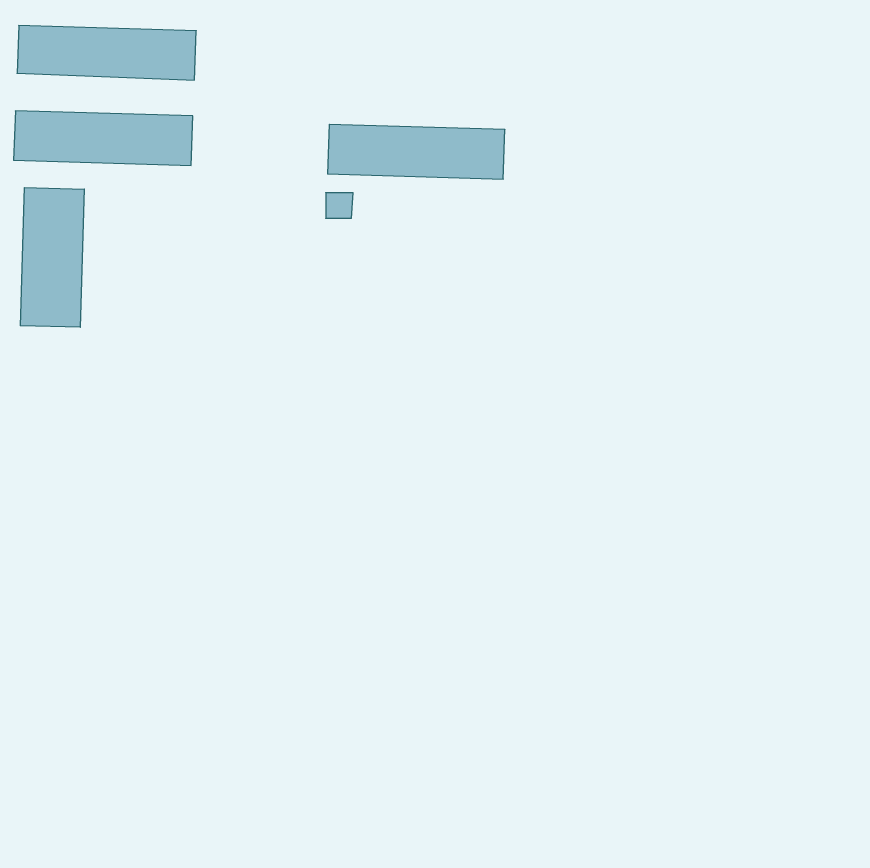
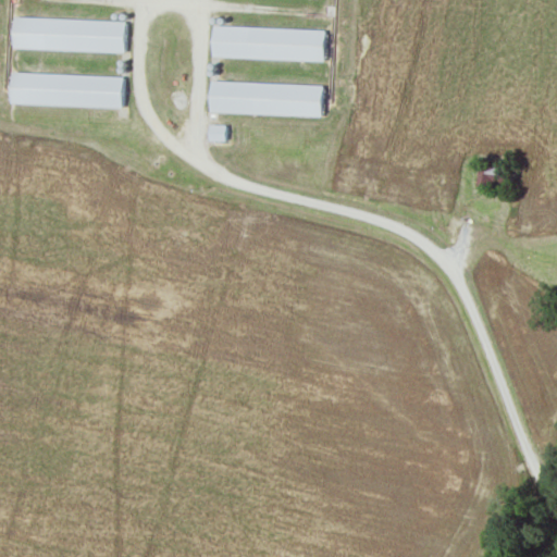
building: none -> [211,26,325,62]
building: [20,188,84,327] -> none

